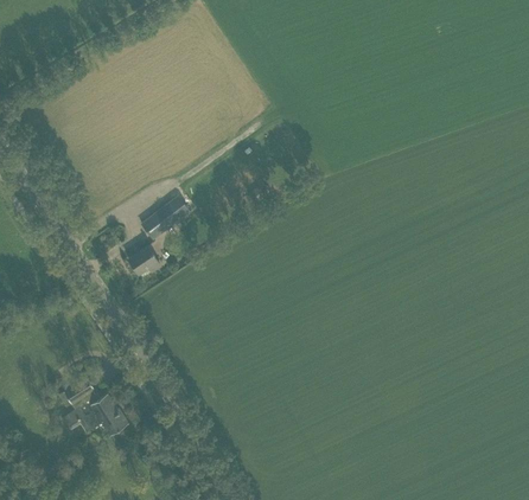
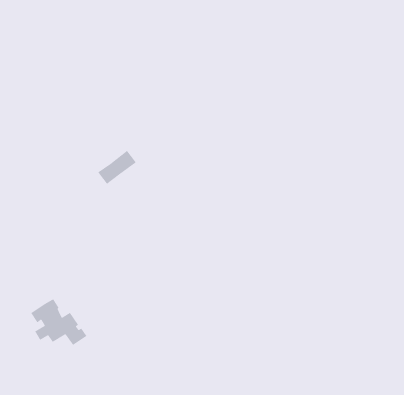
building: [129,245,162,273] -> none

